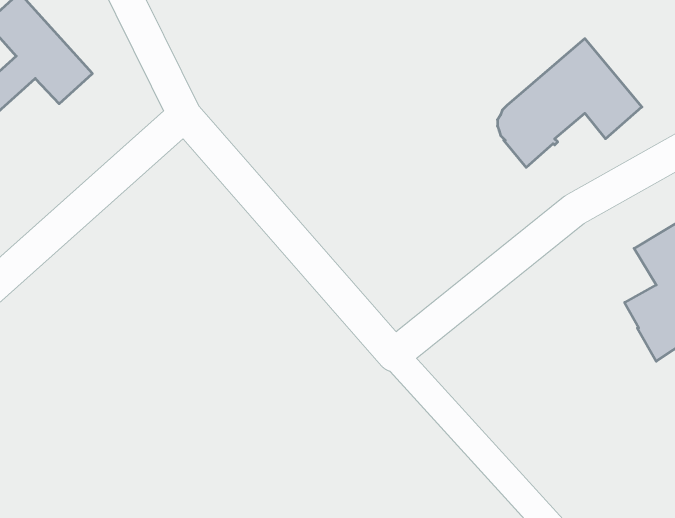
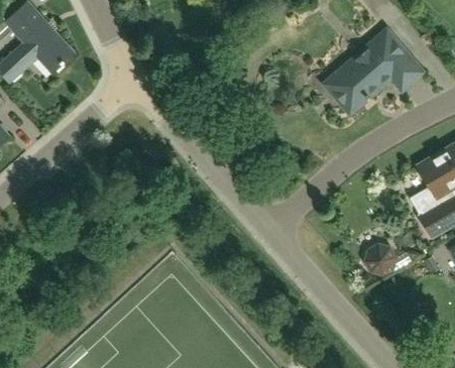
building: none -> [366,247,395,276]

